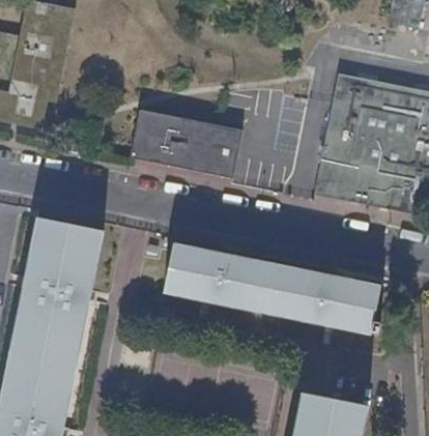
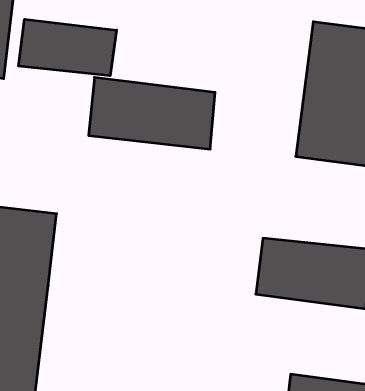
building: none -> [19,19,117,76]
building: [163,242,282,315] -> none

